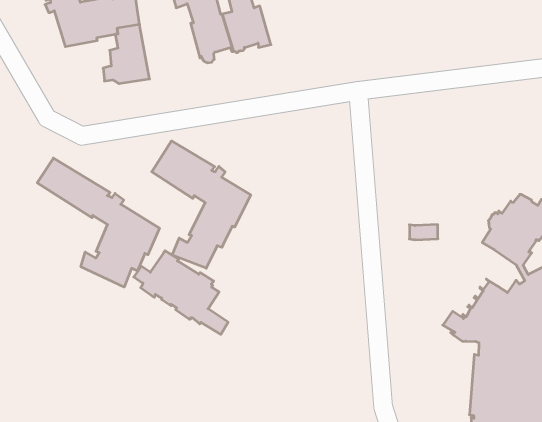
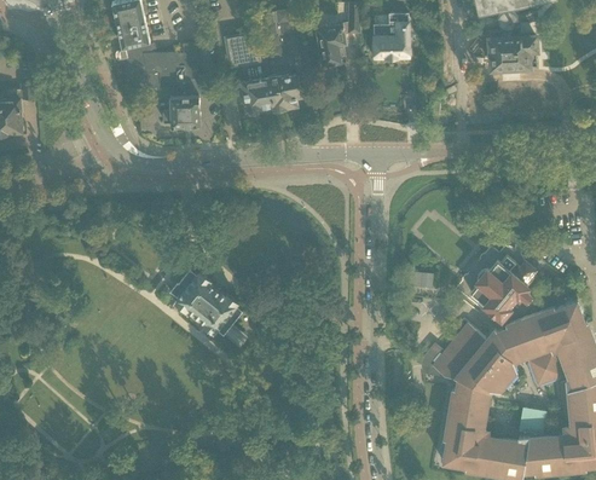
building: [152,141,251,268] -> none
building: [37,158,159,287] -> none

